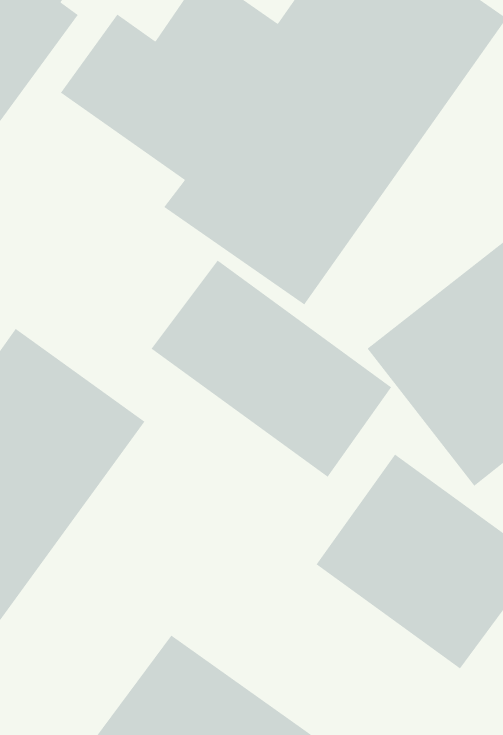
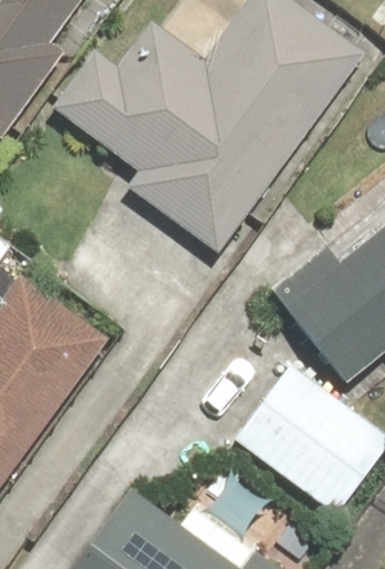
building: [150,259,392,478] -> none

